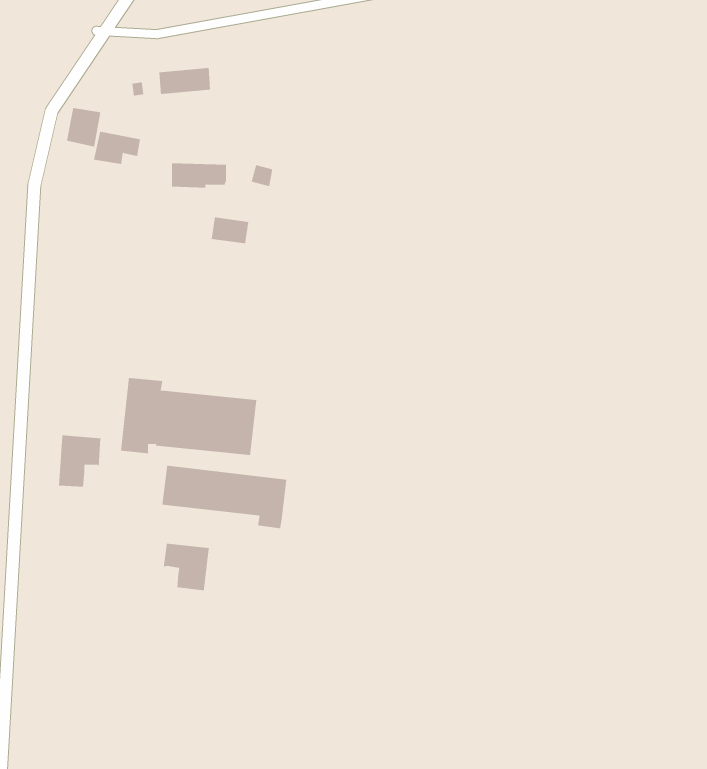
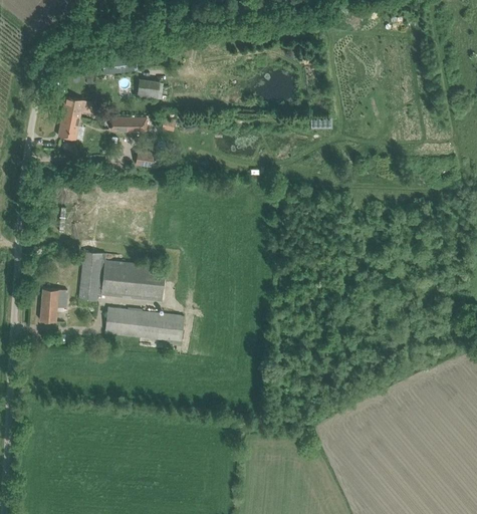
building: none -> [136,79,159,101]
building: [66,107,101,147] -> [57,114,79,140]
building: [163,543,210,591] -> none

